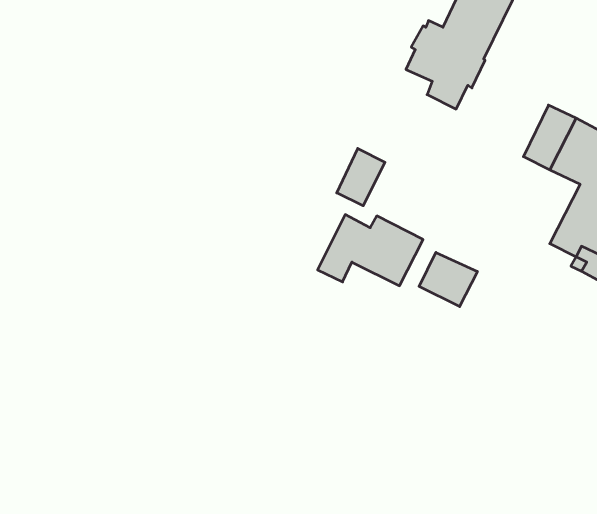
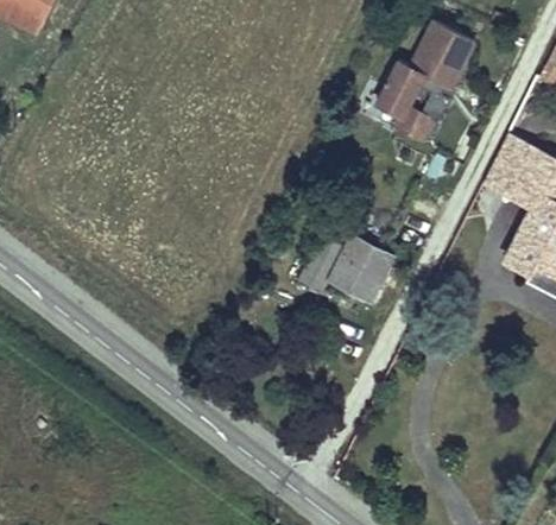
building: [337,148,385,206] -> none
building: [419,252,477,307] -> none

